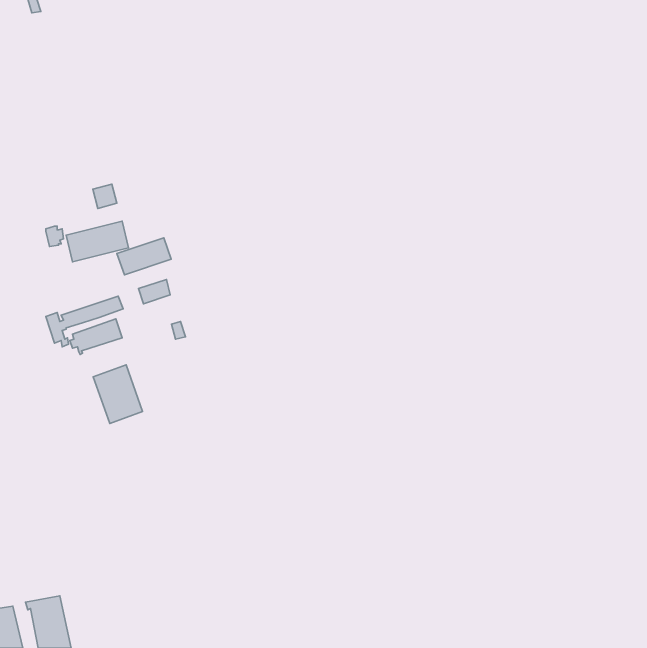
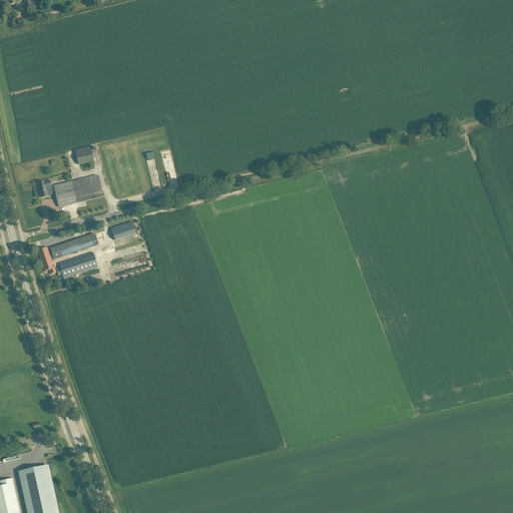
building: [117,238,171,275] -> none
building: [93,365,143,423] -> none

